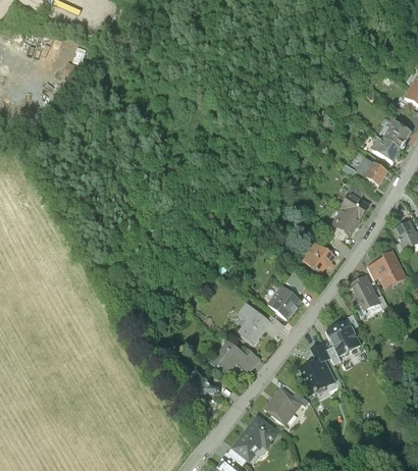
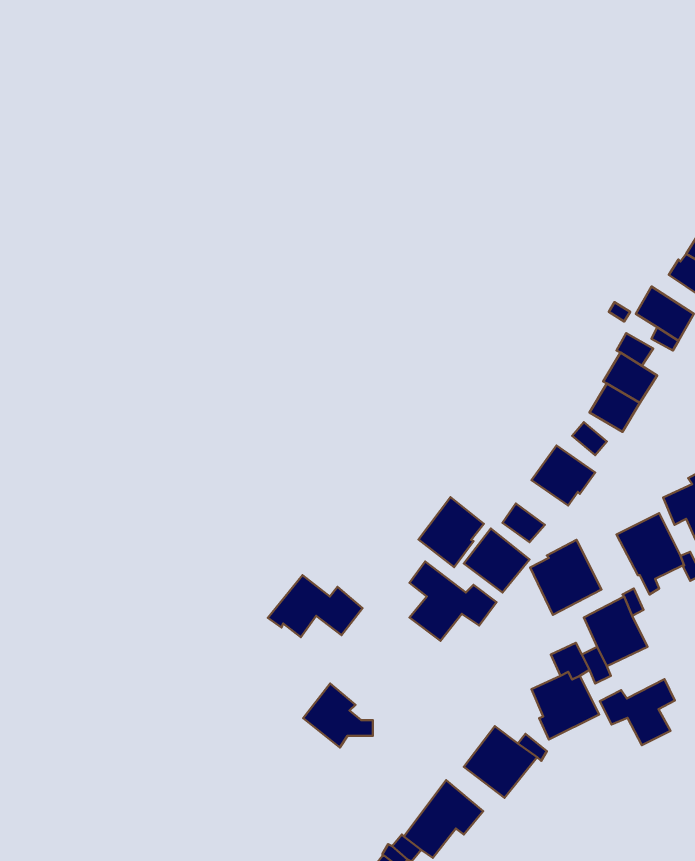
building: none -> [419,497,484,567]
building: none -> [530,540,601,615]
building: [209,339,259,372] -> [268,575,363,637]
building: none -> [600,679,675,745]

